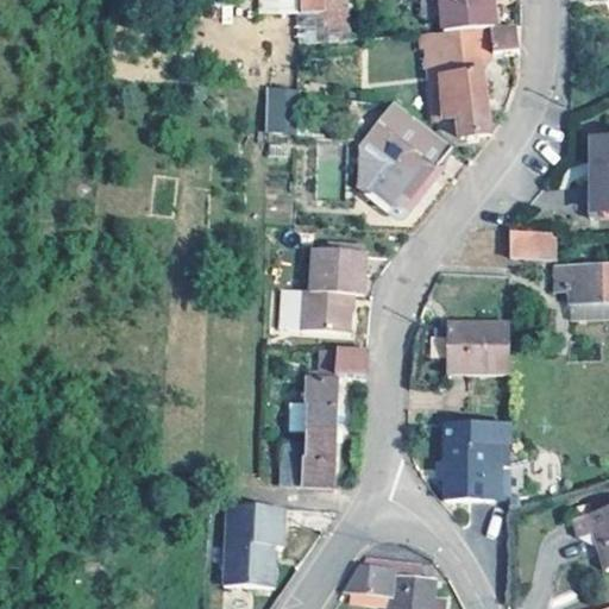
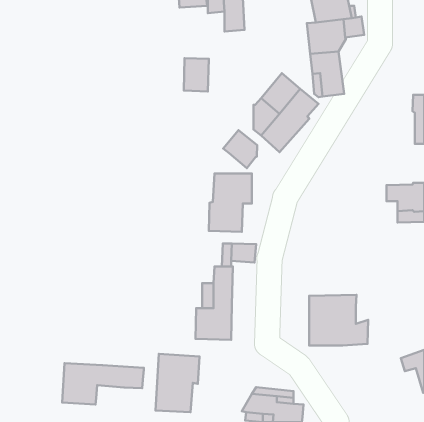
building: none -> [223,130,257,168]
building: [509,228,553,257] -> none
building: [447,322,509,370] -> none
building: none -> [62,363,144,405]

